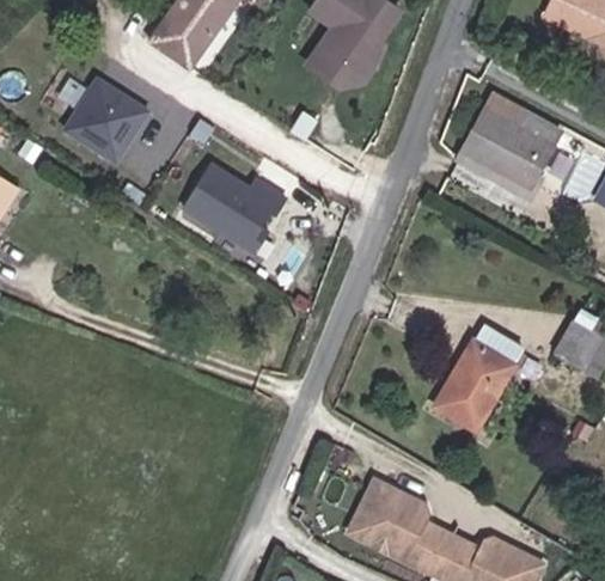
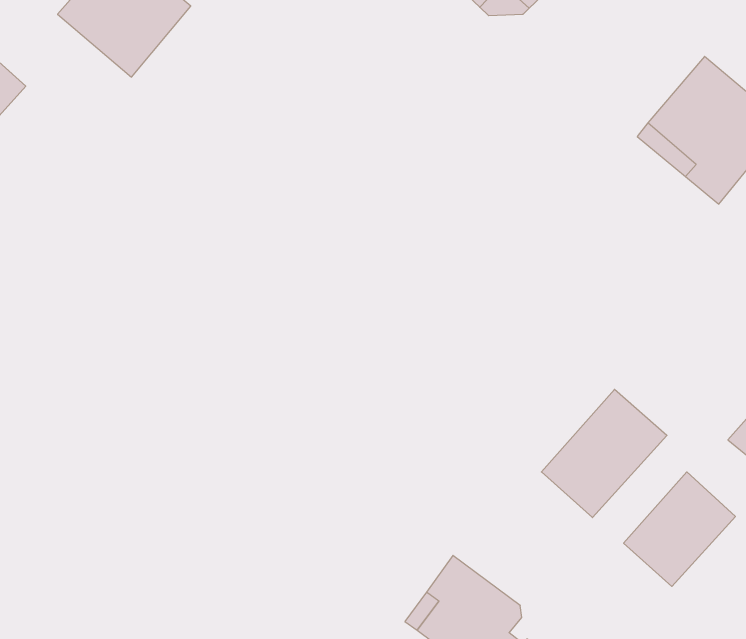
building: [190,161,292,250] -> none
building: none -> [624,472,735,586]

